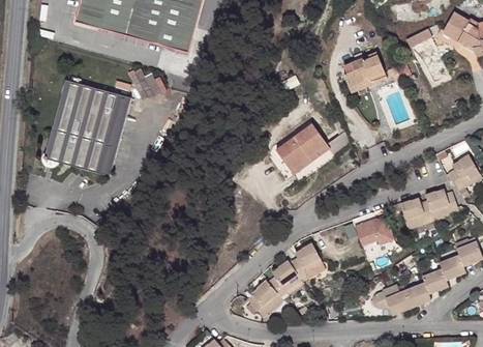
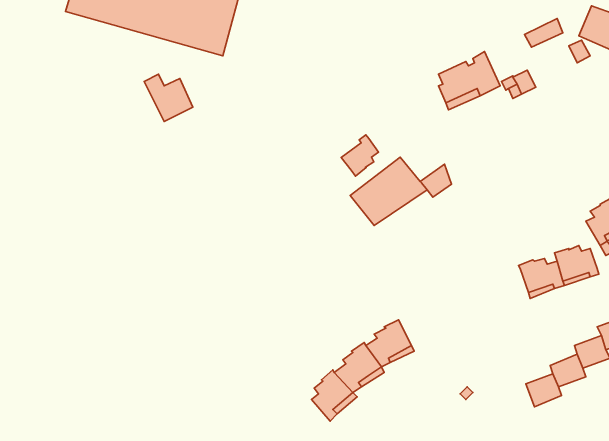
building: [41,76,129,176] -> none
building: none -> [341,135,378,176]
building: [356,218,397,255] -> none
building: [371,285,412,316] -> none

